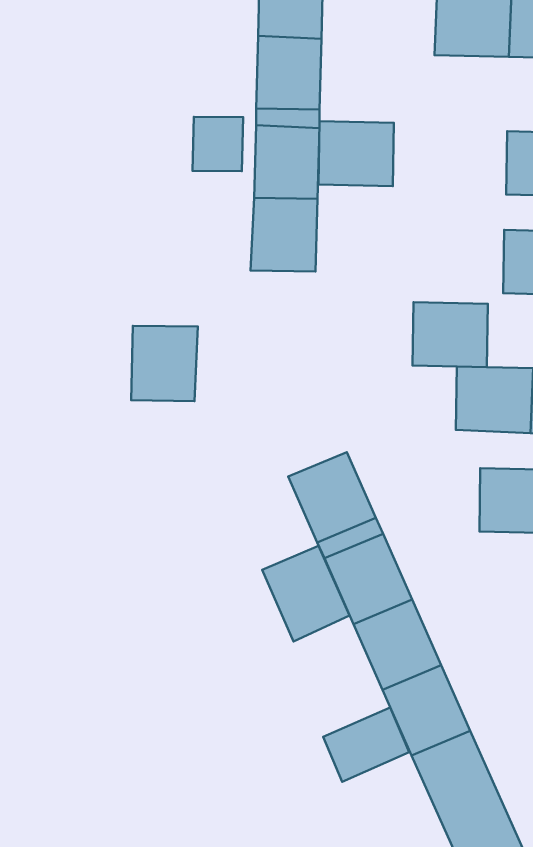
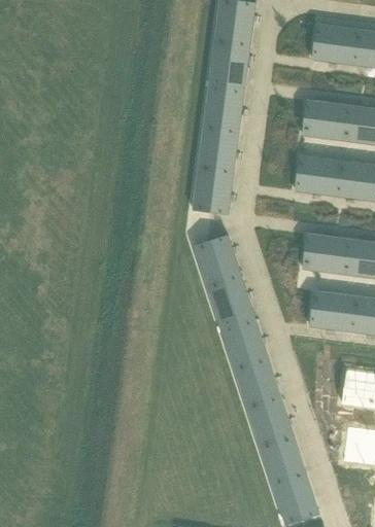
building: [192,117,243,171] -> none
building: [319,121,394,186] -> [301,100,346,140]
building: [412,302,488,367] -> [294,154,339,195]
building: [131,326,198,401] -> [191,168,232,213]
building: none -> [192,234,239,284]
building: [262,546,350,642] -> none
building: [323,707,409,782] -> none

